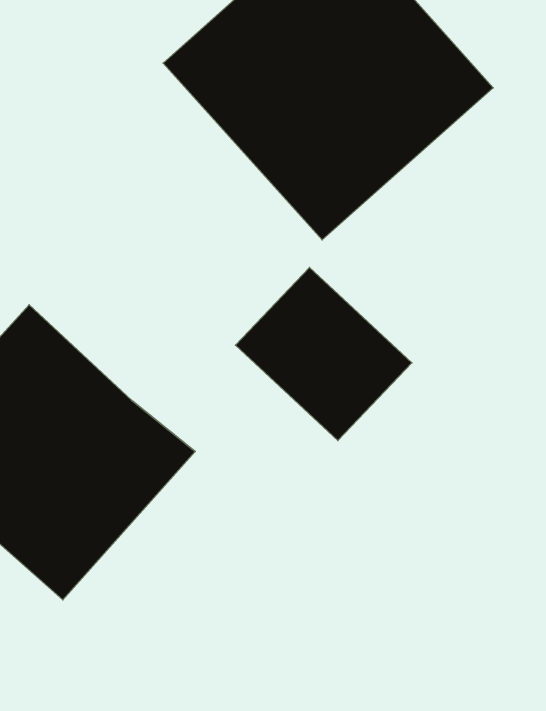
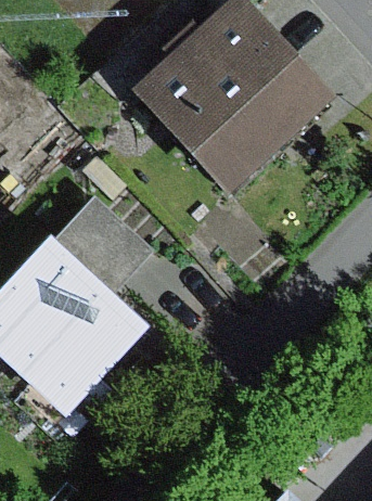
building: [236,267,412,440] -> [48,188,156,294]

